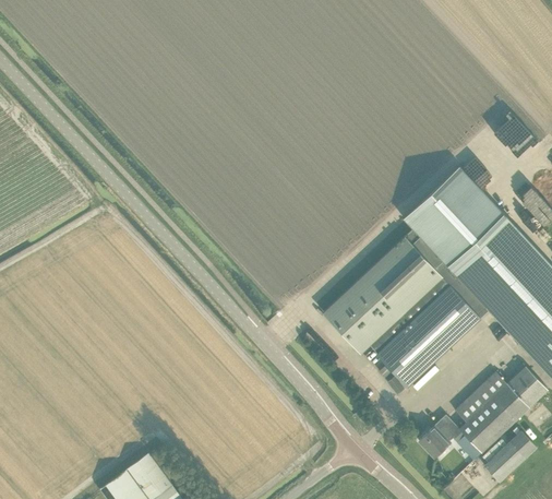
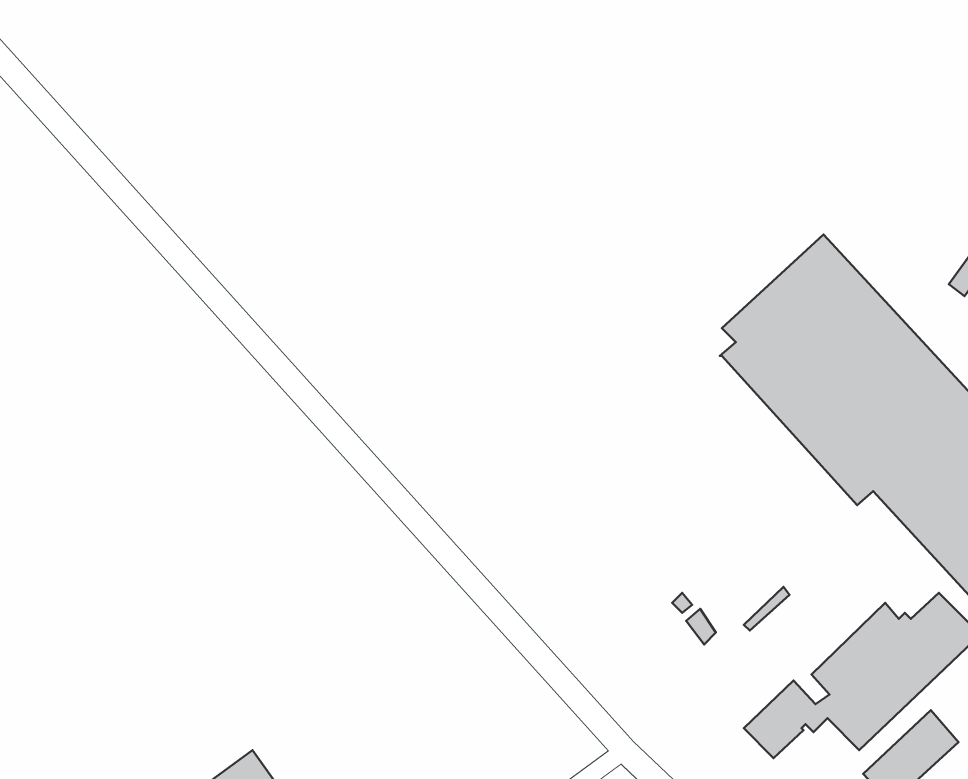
building: [324,236,480,387] -> none

